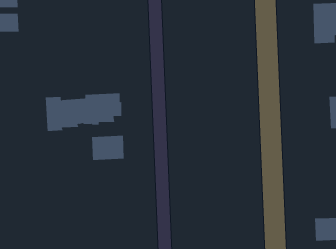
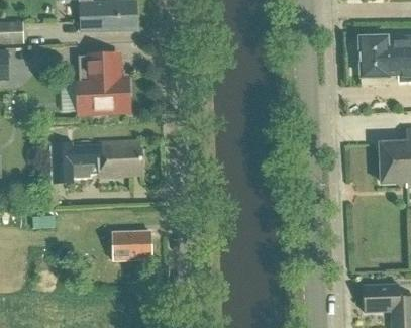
building: none -> [78,53,129,111]
building: [91,135,125,160] -> [112,232,150,261]

